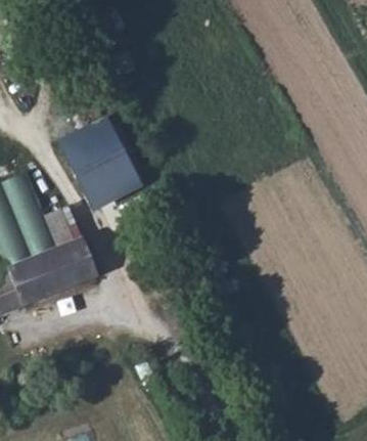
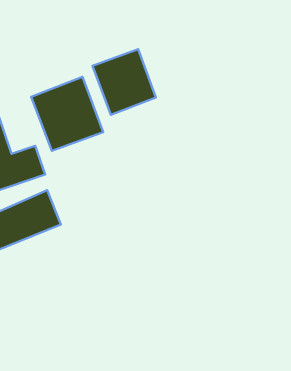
building: none -> [92,49,156,115]

